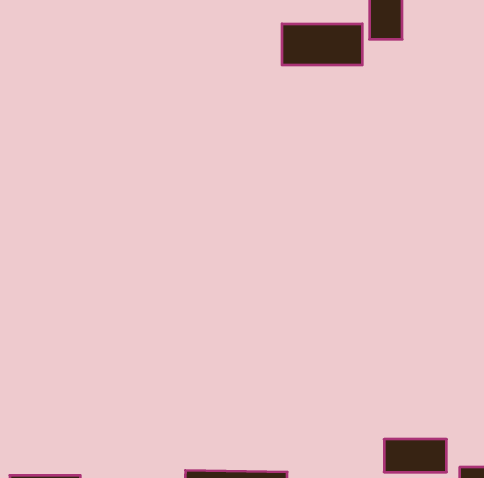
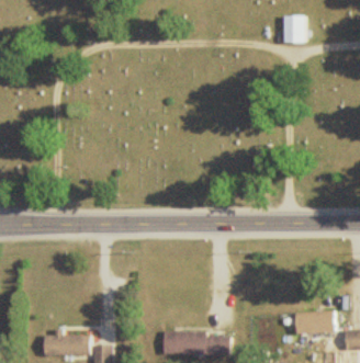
building: [282,24,362,65] -> none

